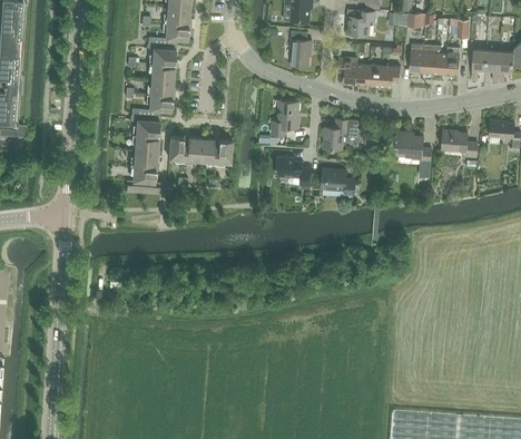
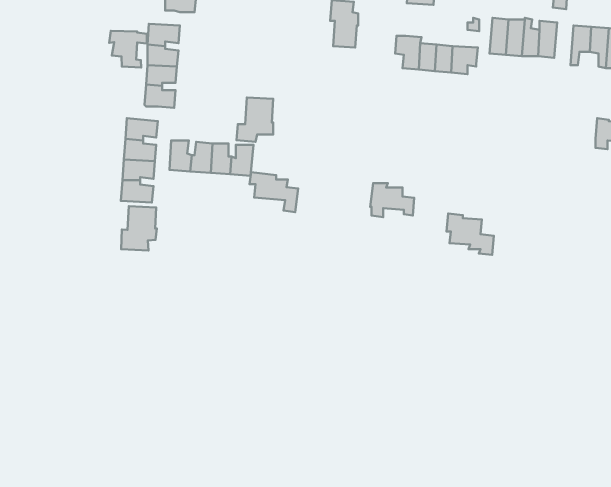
building: none -> [109,31,147,67]
building: [271,101,298,135] -> [236,97,273,142]
building: [323,119,356,149] -> none
building: [441,130,476,158] -> none
building: [395,133,431,164] -> [447,214,494,255]
building: [274,156,311,186] -> [250,172,298,212]
building: none -> [121,206,157,250]

